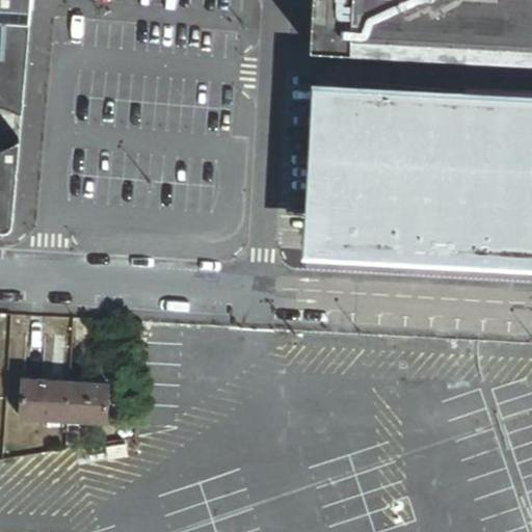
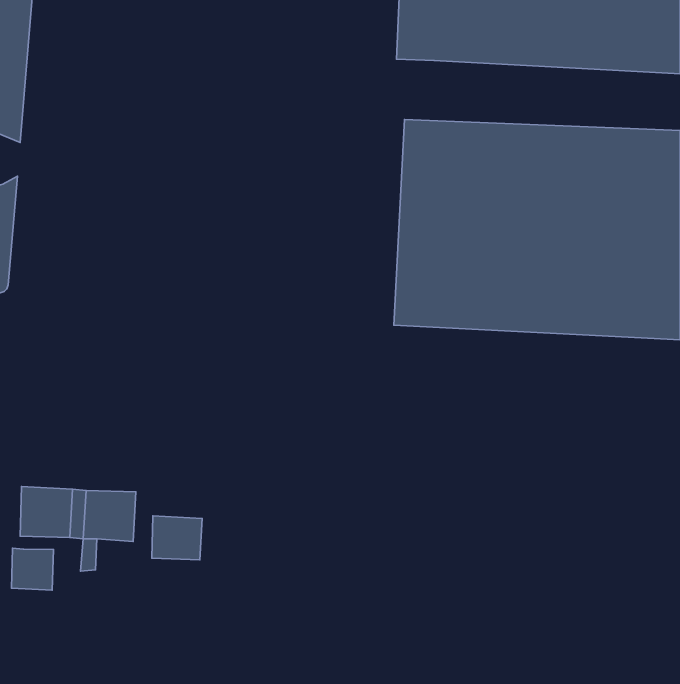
building: none -> [152,516,202,560]
building: none -> [11,548,53,590]

